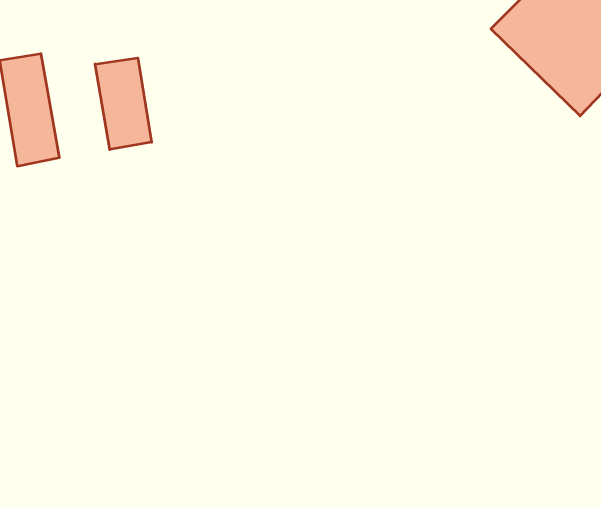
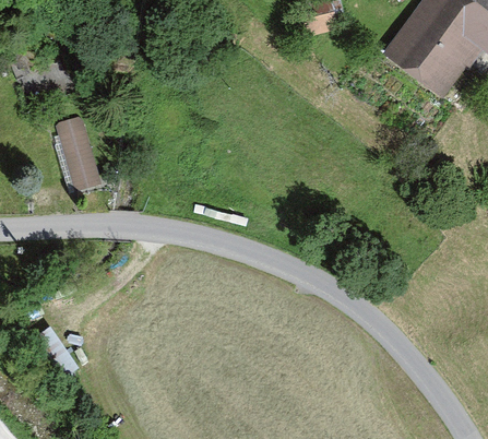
building: [95,58,152,150] -> none

